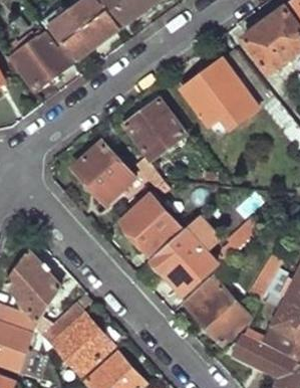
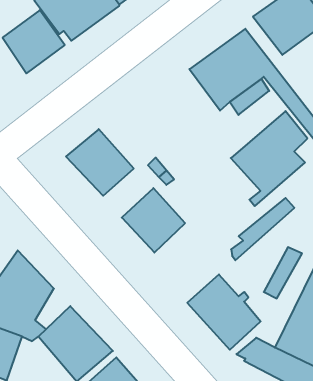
building: [123,96,189,160] -> none
building: [149,215,220,303] -> [231,111,307,206]

